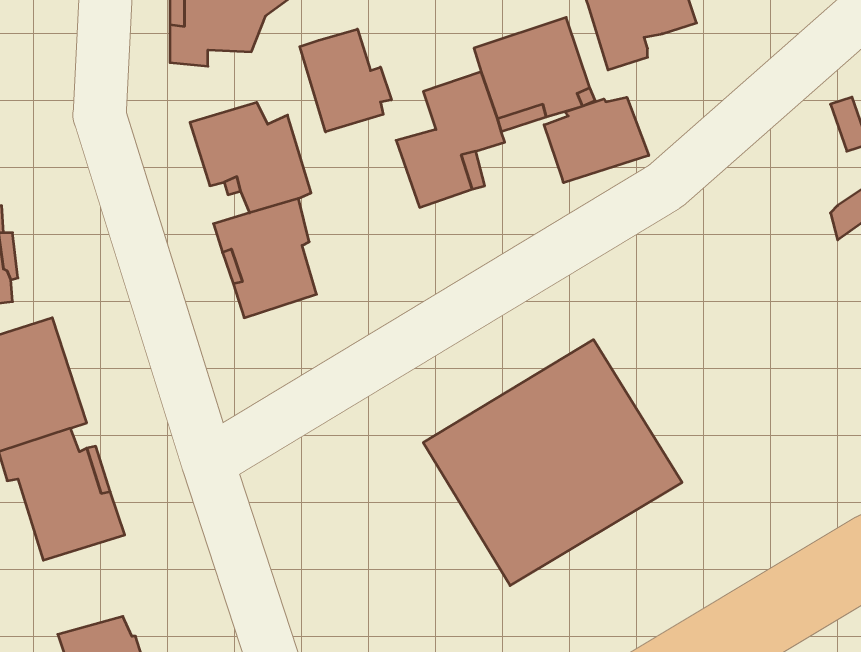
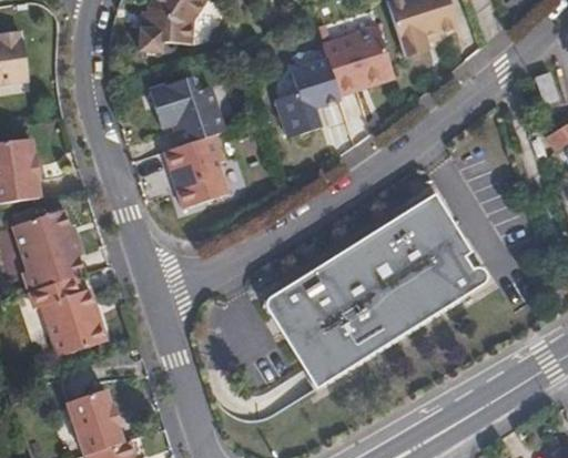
building: [300,29,391,132] -> none
building: [544,97,649,183] -> none
building: none -> [393,195,488,308]
building: none -> [265,284,342,384]

